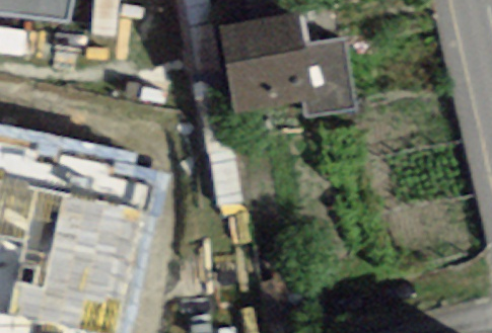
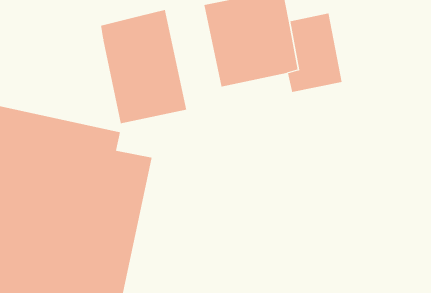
building: none -> [100,9,187,124]

